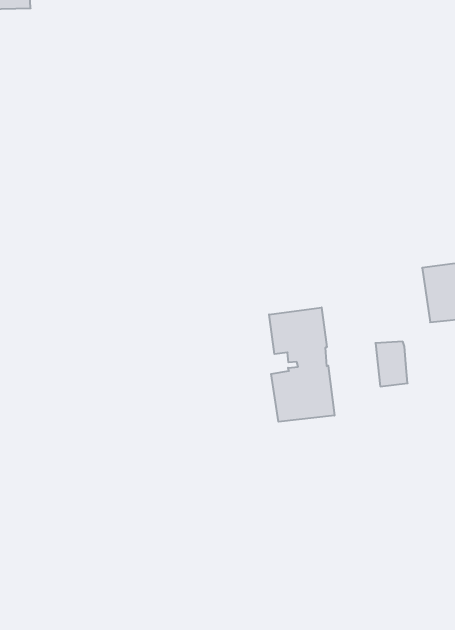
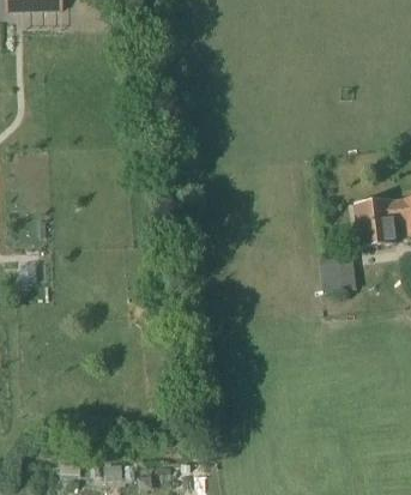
building: [269,307,334,422] -> none

